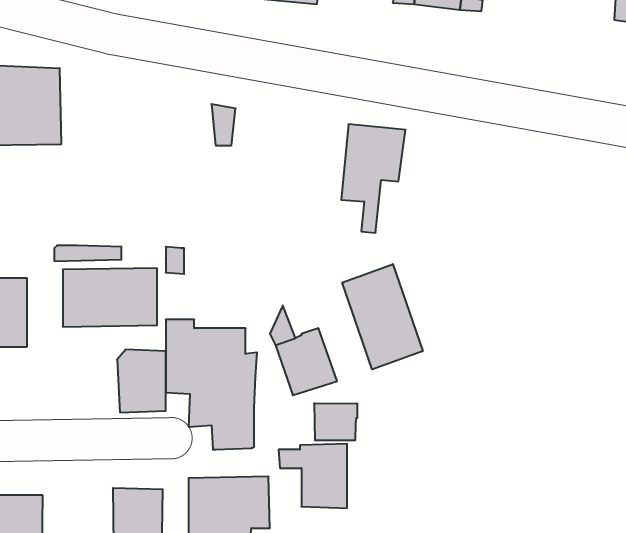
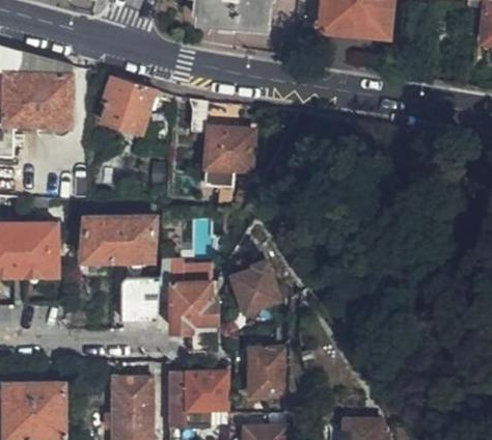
building: none -> [99,77,155,132]
building: [341,124,406,233] -> [203,127,250,205]
building: [342,264,423,369] -> none
building: [314,403,357,440] -> none

